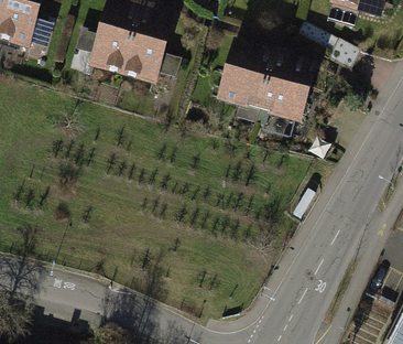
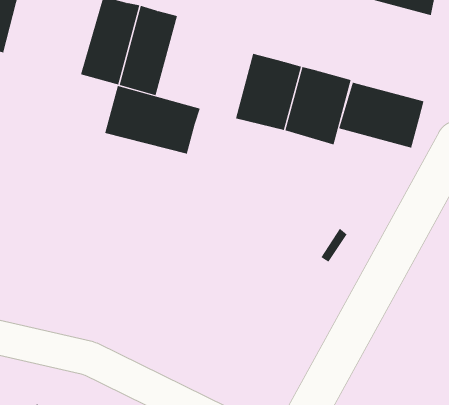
building: none -> [338,82,424,148]
building: none -> [105,85,201,154]

